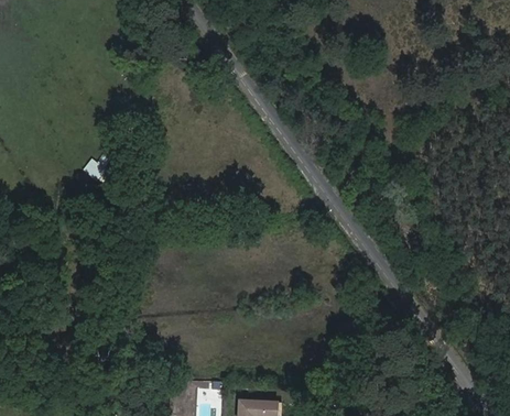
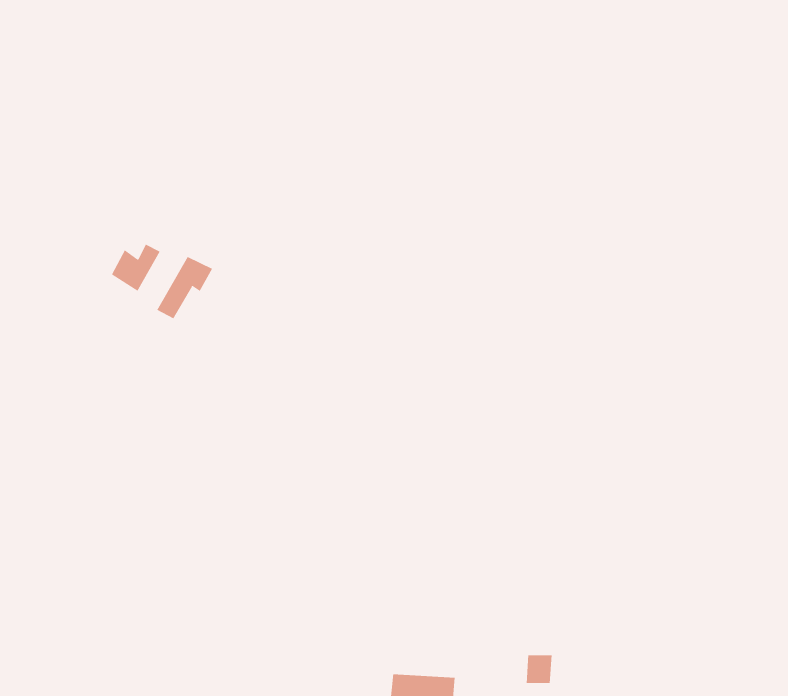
building: none -> [157,256,213,319]

